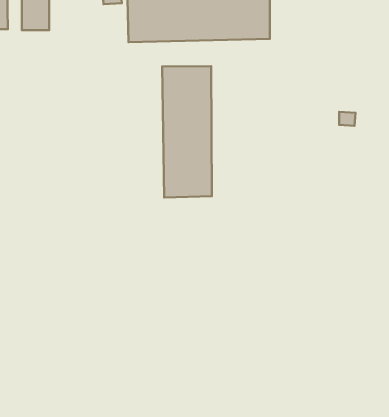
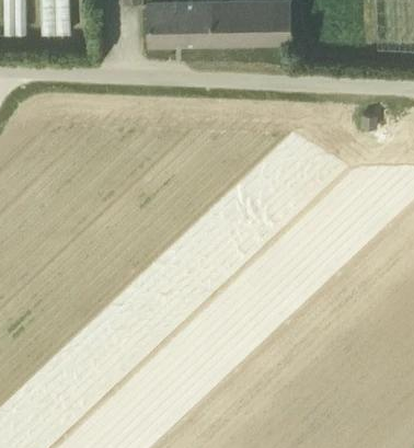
building: [162,66,212,198] -> none

